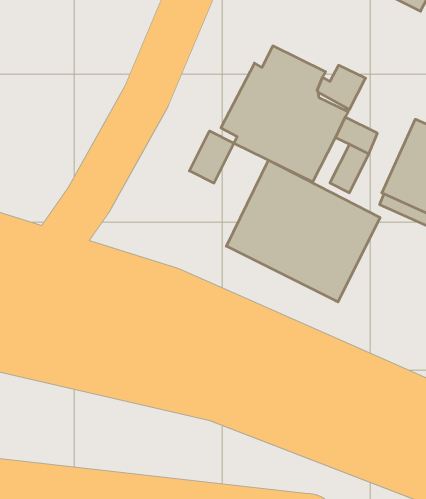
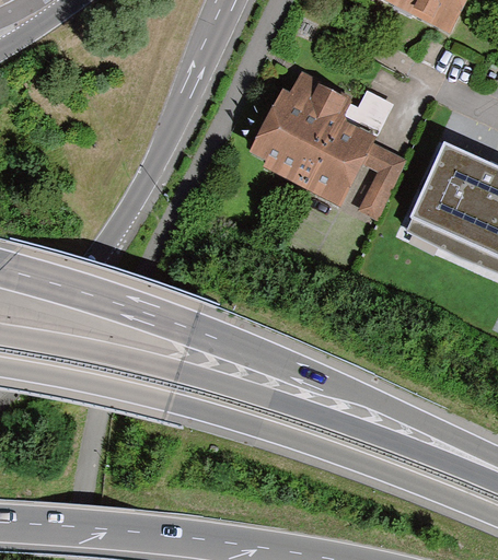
building: [189,131,234,183] -> none
building: [226,160,380,302] -> none

